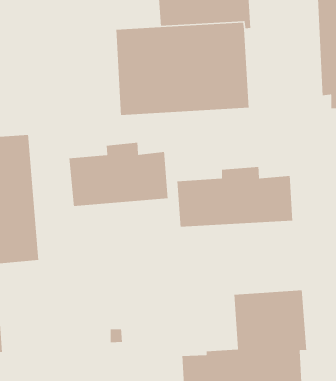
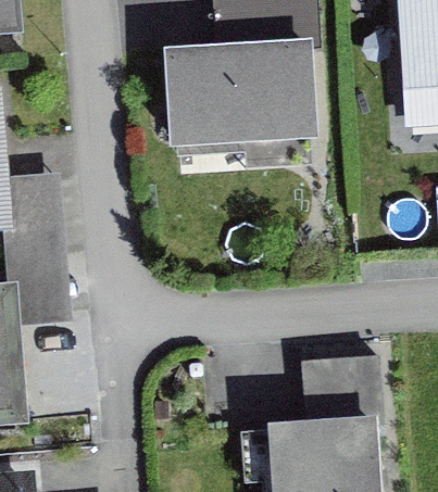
building: [68,142,169,207] -> none
building: [176,166,293,228] -> none

